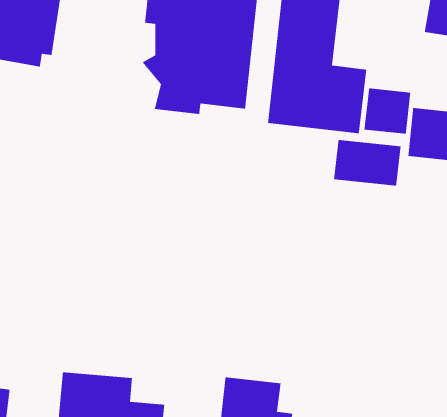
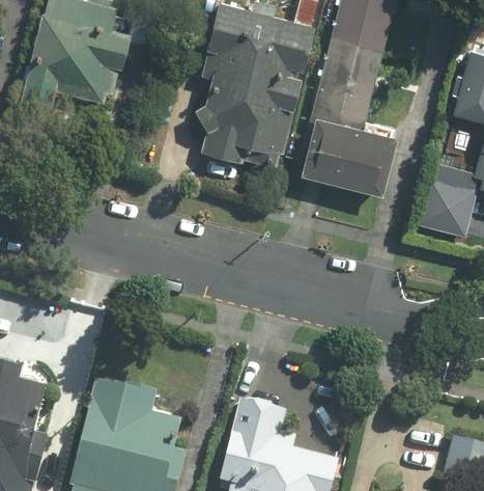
building: [364,88,411,135] -> none
building: [333,139,401,187] -> none

